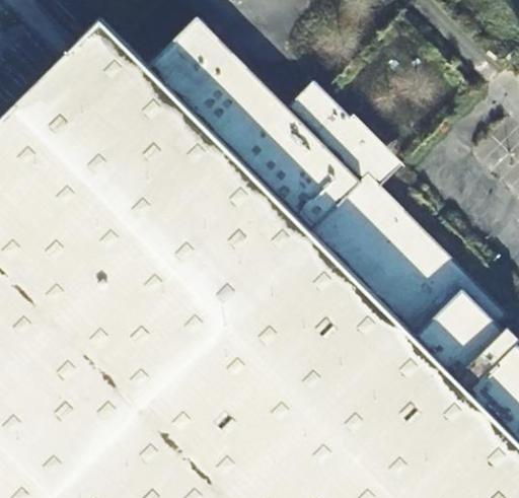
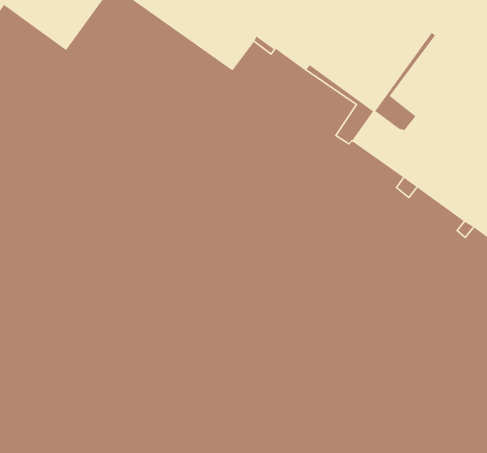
building: none -> [374,32,436,131]

